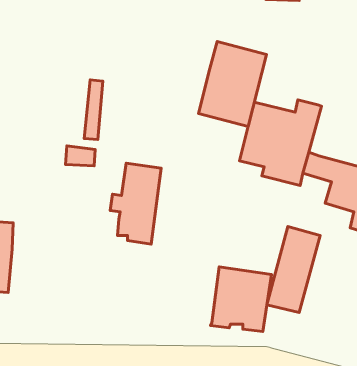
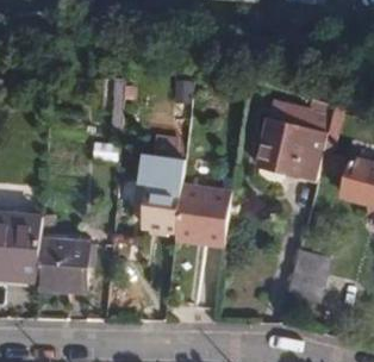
building: [199,42,267,127] -> none
building: none -> [37,241,88,294]
building: [211,267,271,332] -> [173,182,231,244]

